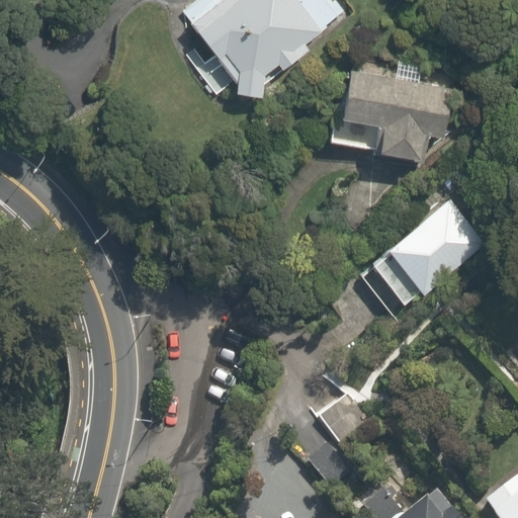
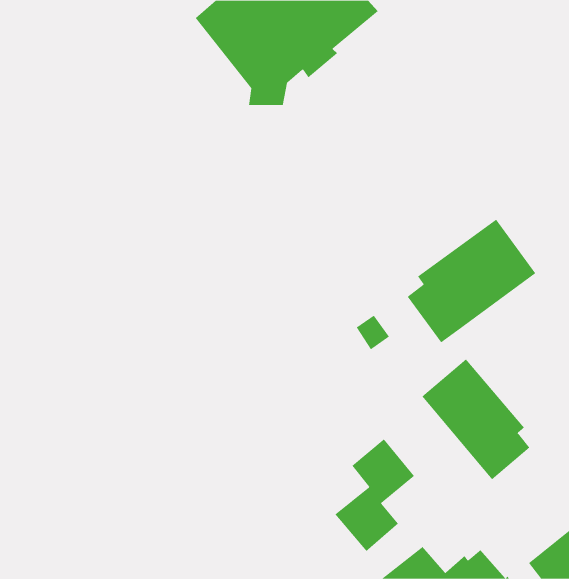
building: [328,70,443,157] -> none
building: none -> [421,358,530,480]

